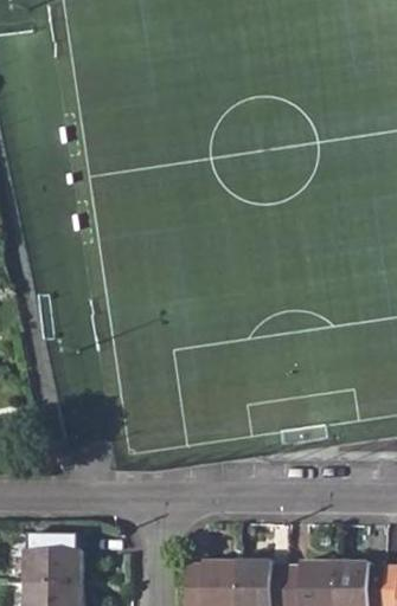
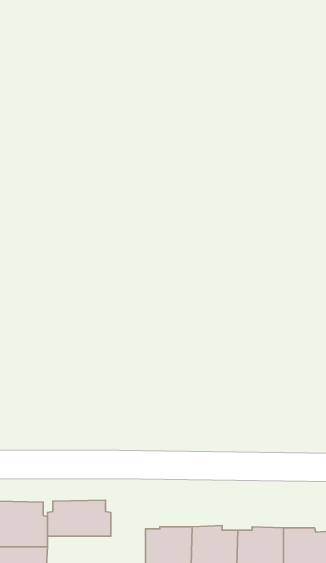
building: none -> [48,500,111,536]

